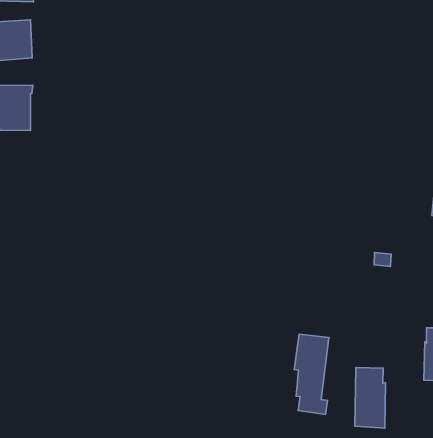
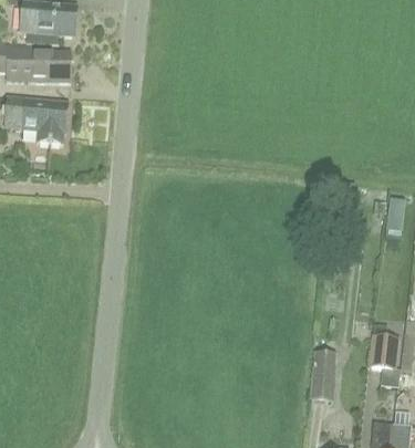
building: [294,334,329,414] -> none

